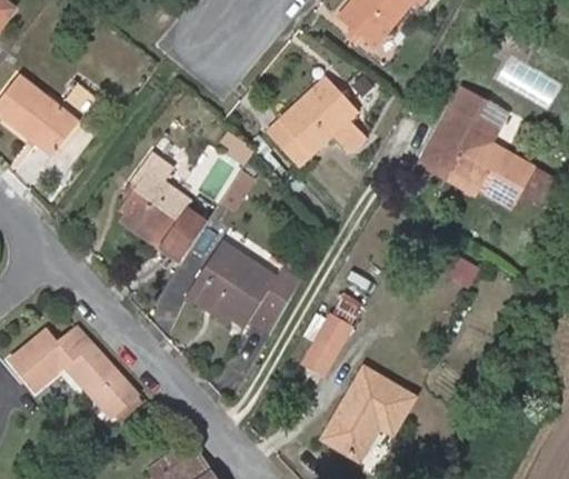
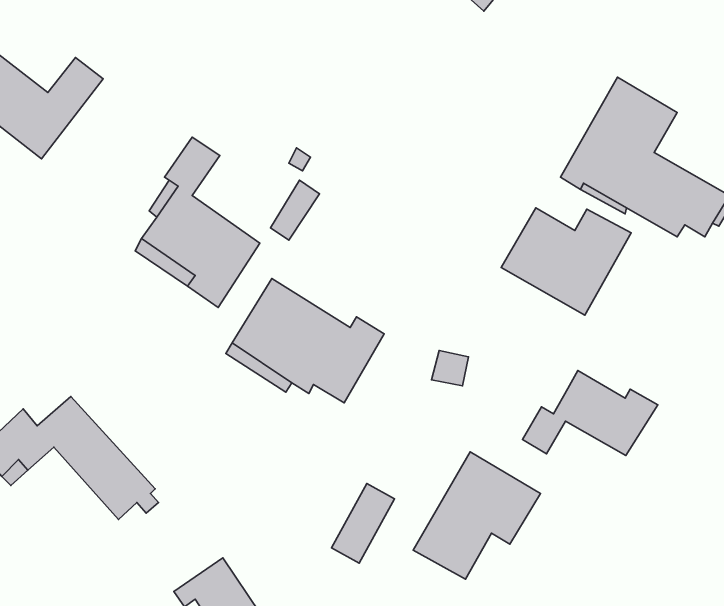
building: [267,76,363,164] -> none
building: none -> [501,208,631,315]
building: none -> [522,371,658,455]
building: [303,315,349,372] -> [331,483,394,563]

